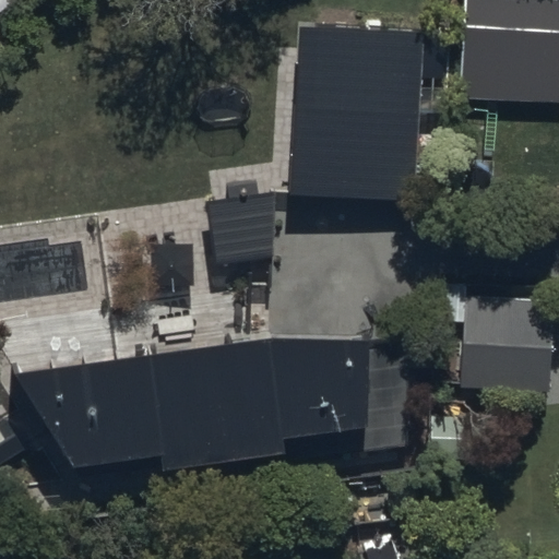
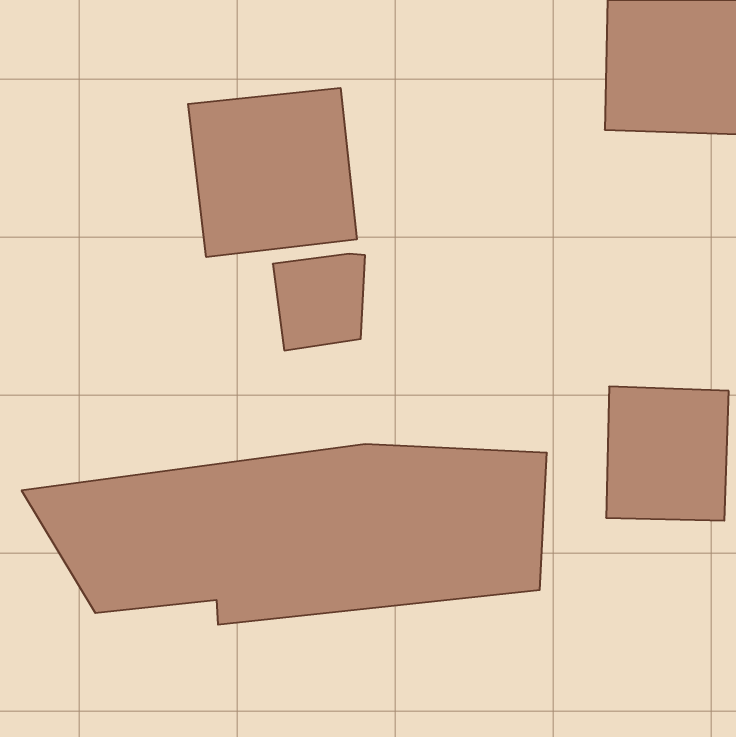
building: [293,22,418,204] -> none
building: none -> [188,88,357,257]

